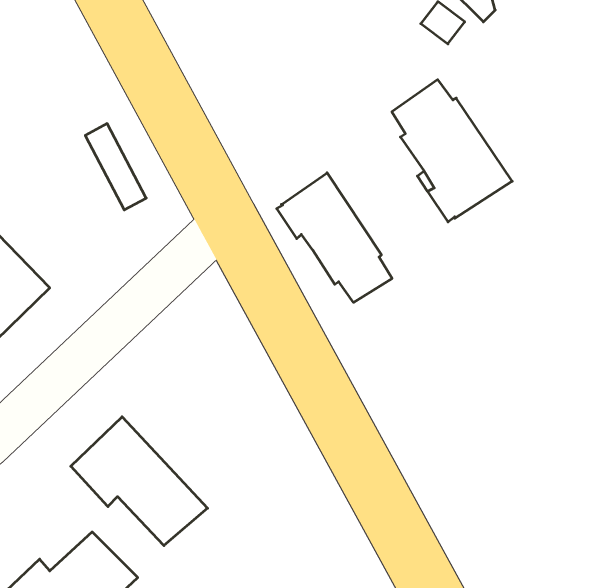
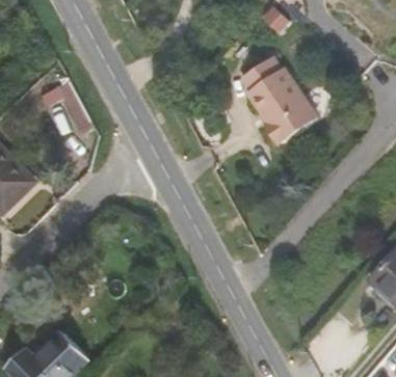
building: [277,173,392,302] -> none
building: [71,417,208,546] -> none

